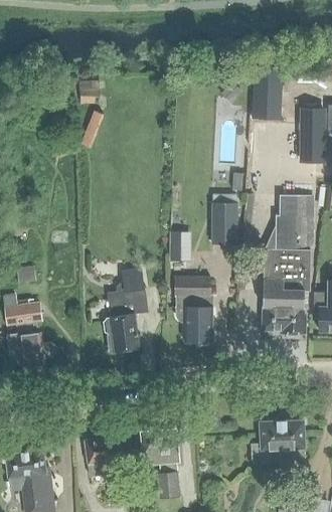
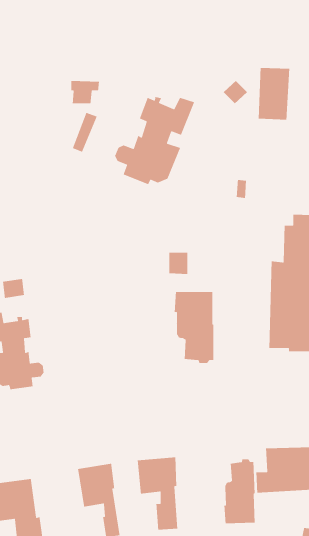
building: none -> [114,96,195,185]
building: [213,194,239,243] -> none
building: [104,269,148,351] -> none
building: none -> [223,458,256,524]

